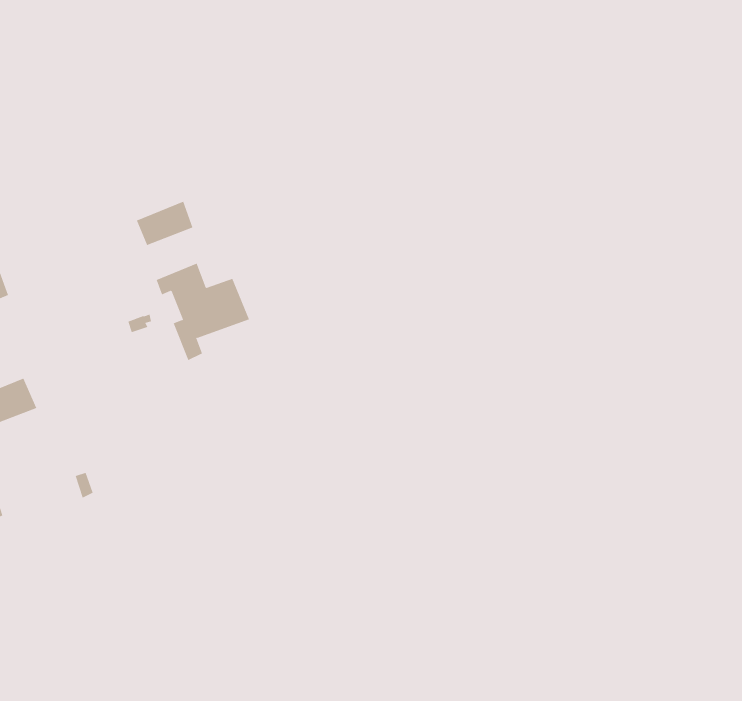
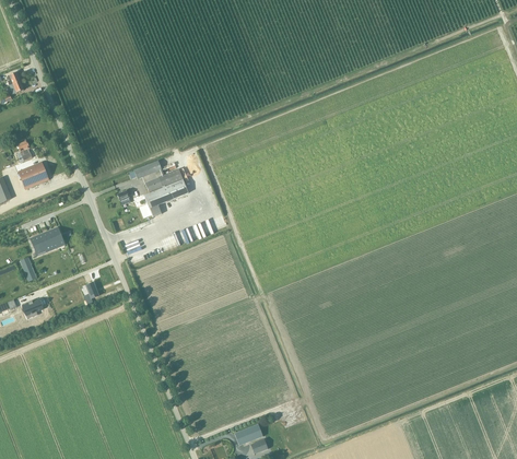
building: [136,201,193,246] -> none

